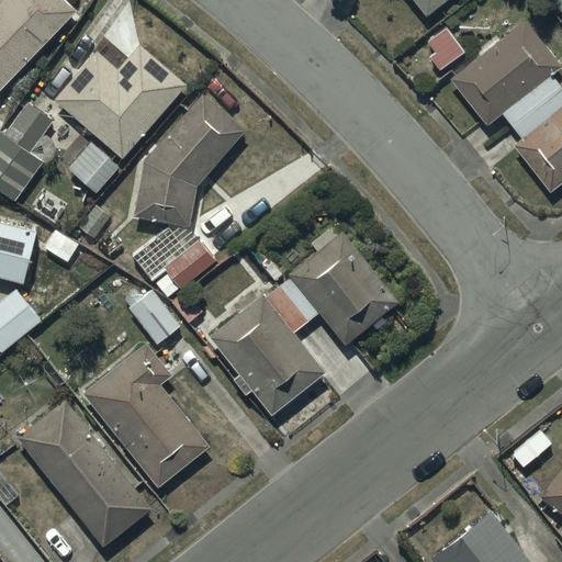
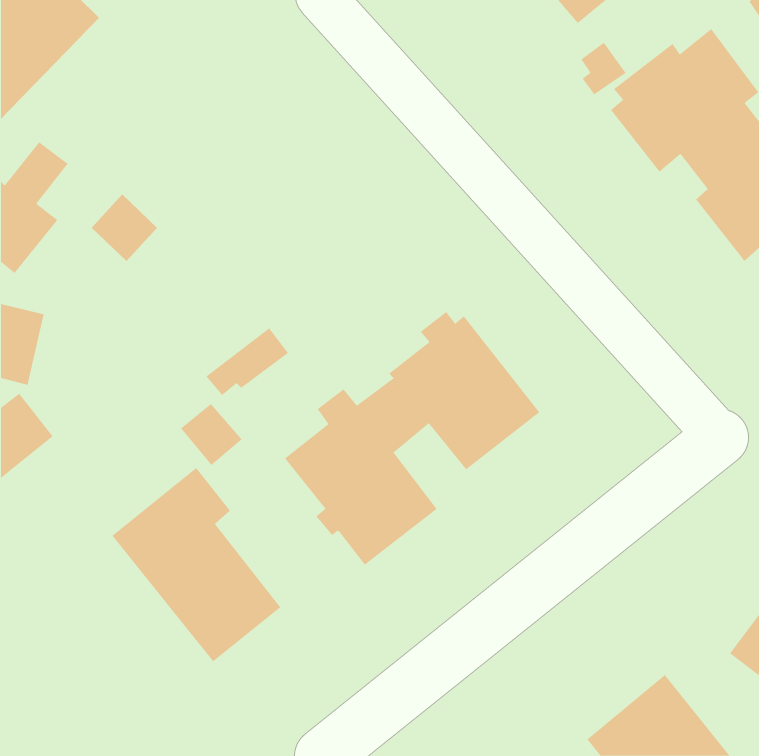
building: [55,46,187,160] -> none
building: [134,95,245,227] -> none
building: [16,401,150,548] -> none

